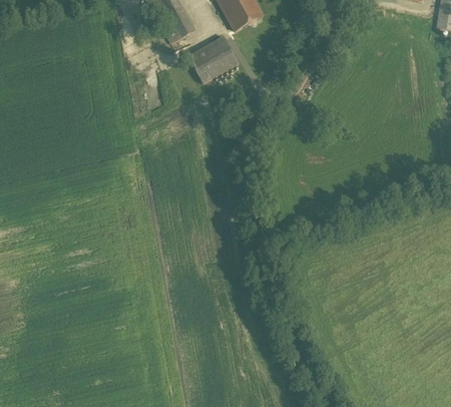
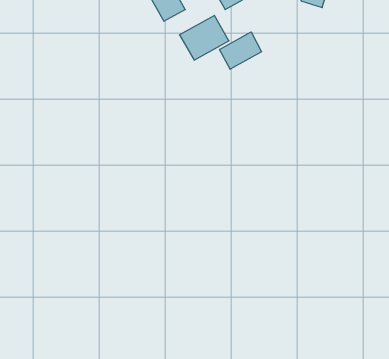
building: none -> [220,32,262,69]

